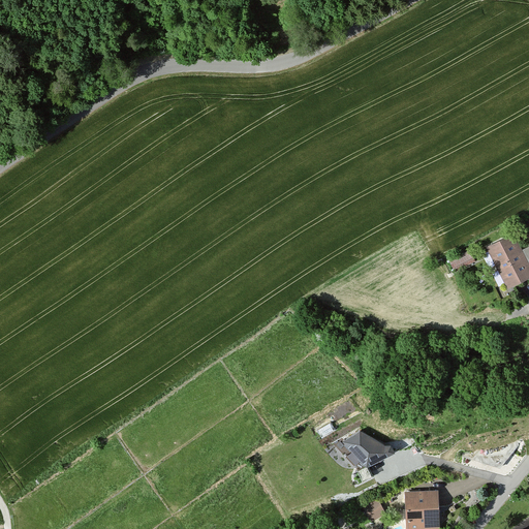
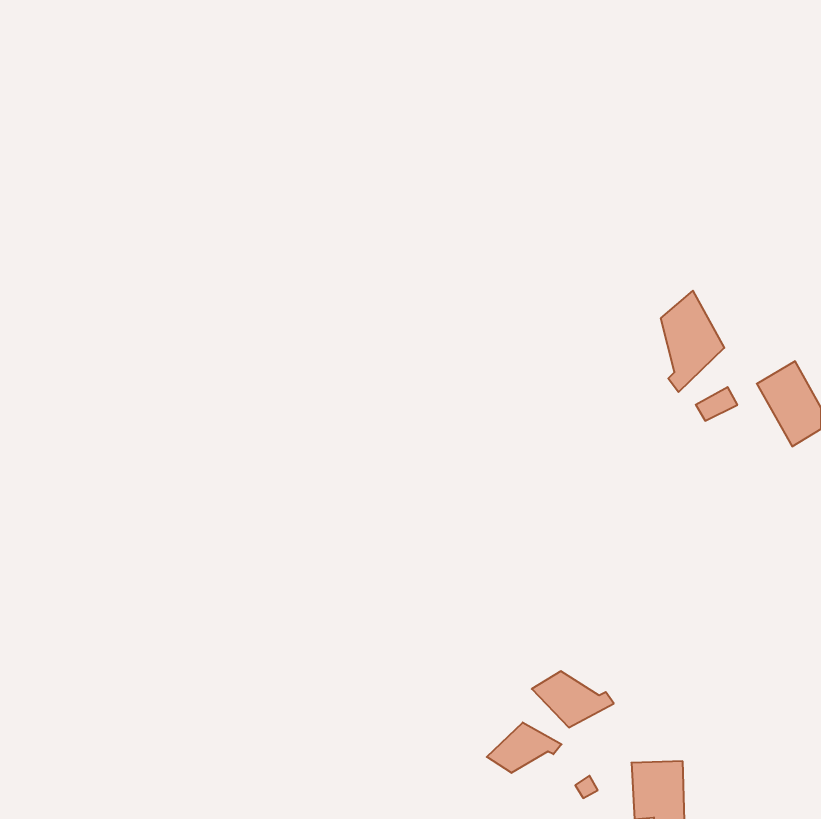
building: none -> [661,291,724,392]
building: none -> [487,722,562,773]

